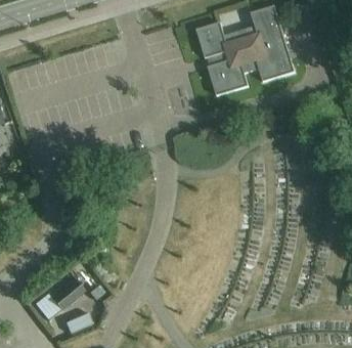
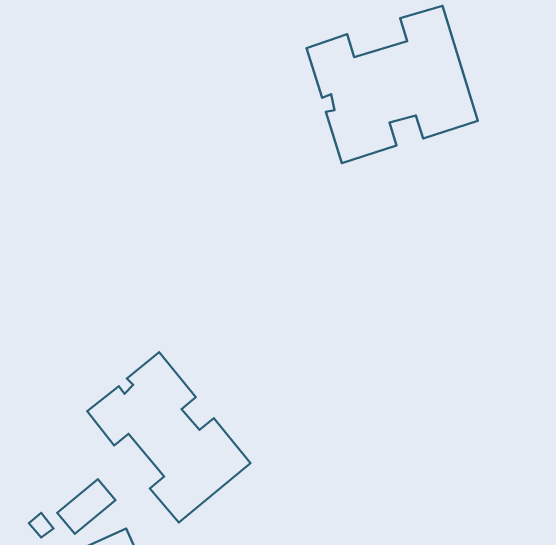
building: none -> [87,352,251,523]

